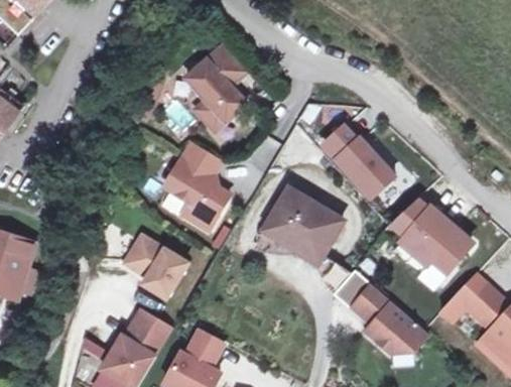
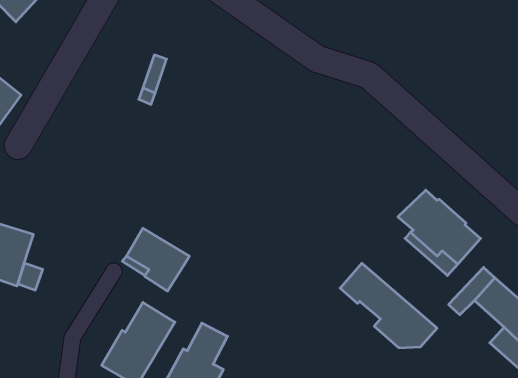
building: [185,44,246,131] -> none
building: [324,125,395,197] -> none
building: [164,144,229,229] -> none
building: [264,188,342,261] -> none

